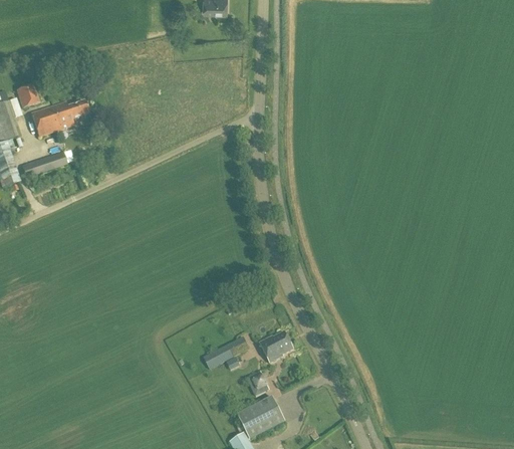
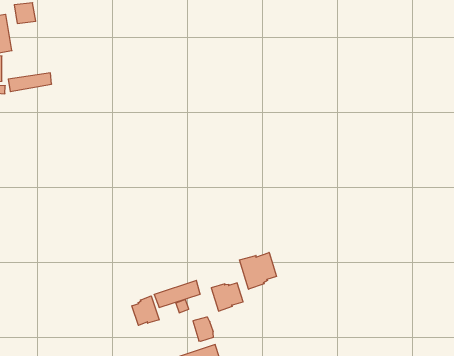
building: [30,100,88,136] -> none
building: none -> [239,252,277,289]
building: none -> [132,296,159,325]

